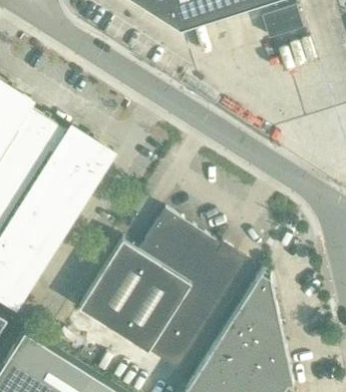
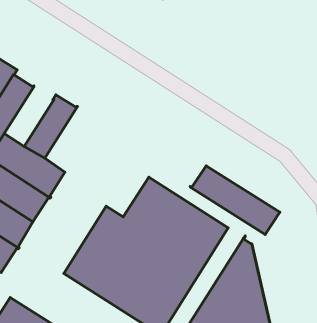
building: [19,119,69,179] -> none
building: [60,139,113,206] -> none
building: none -> [190,166,280,235]

